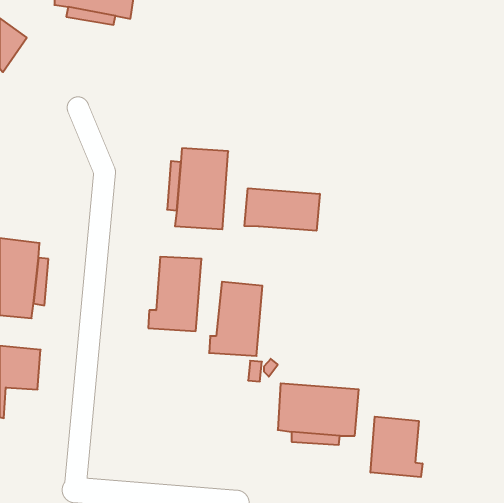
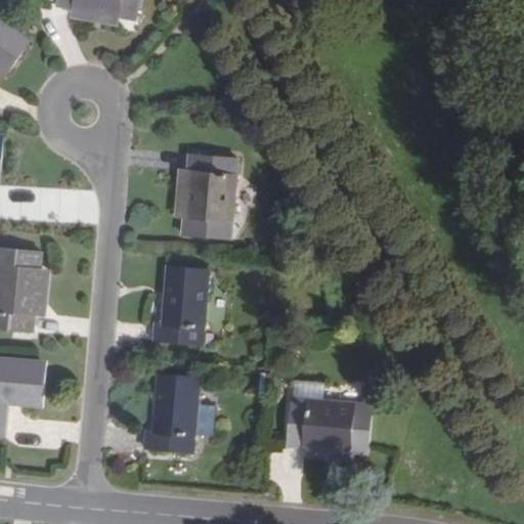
building: [244,188,320,231] -> none
building: [209,282,262,356] -> [144,374,200,450]
building: [371,417,422,477] -> none

